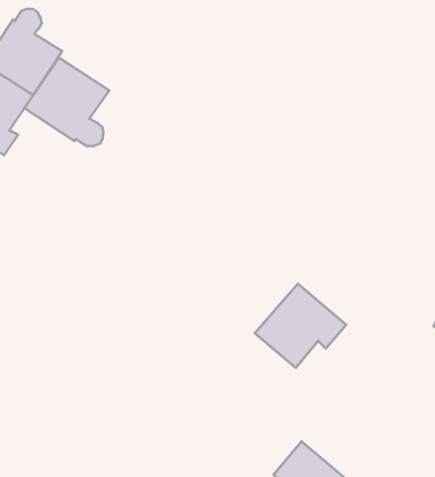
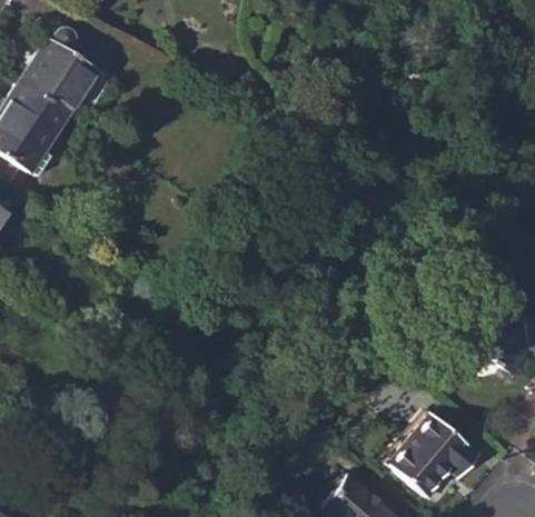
building: [24,58,109,146] -> none
building: [255,284,346,368] -> [386,412,480,499]

